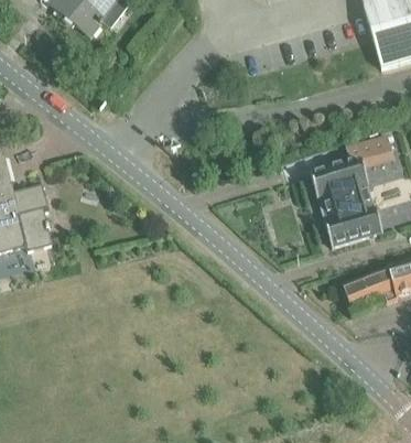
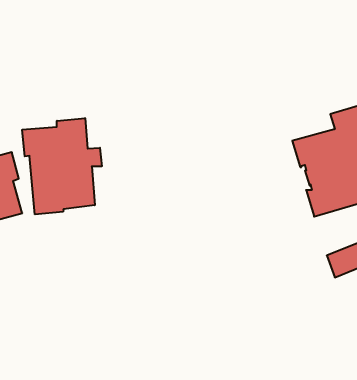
building: none -> [22,118,102,214]

